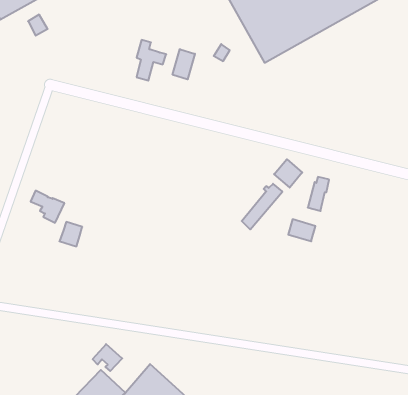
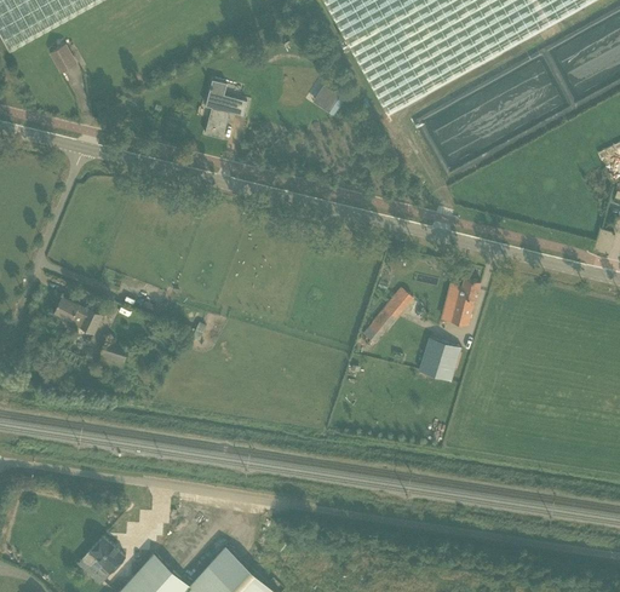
building: [173,49,195,79] -> none
building: [274,159,302,188] -> none
building: [93,344,122,371] -> [81,535,124,574]

